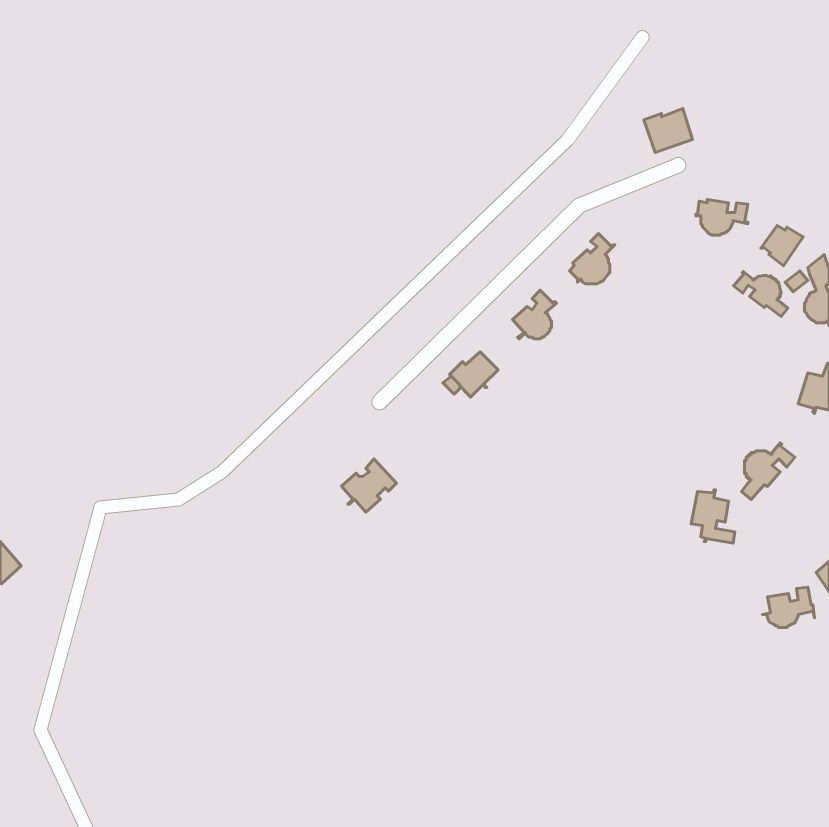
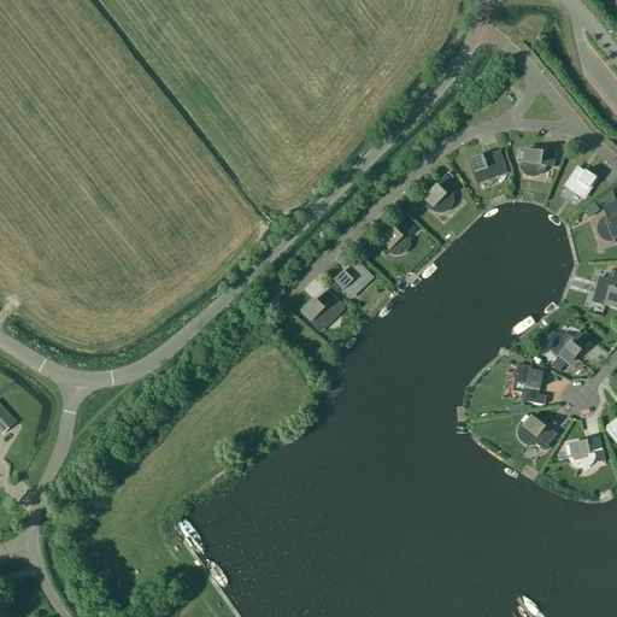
building: [644,109,692,152] -> [470,149,506,182]
building: [733,271,788,316] -> none
building: [341,459,397,512] -> [302,288,343,328]
building: none -> [518,413,557,449]

